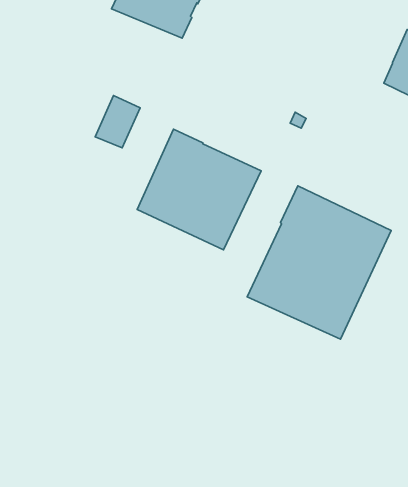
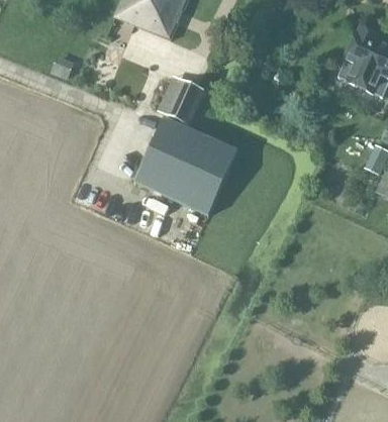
building: [95,96,140,148] -> [165,79,202,122]
building: [247,186,391,339] -> none

